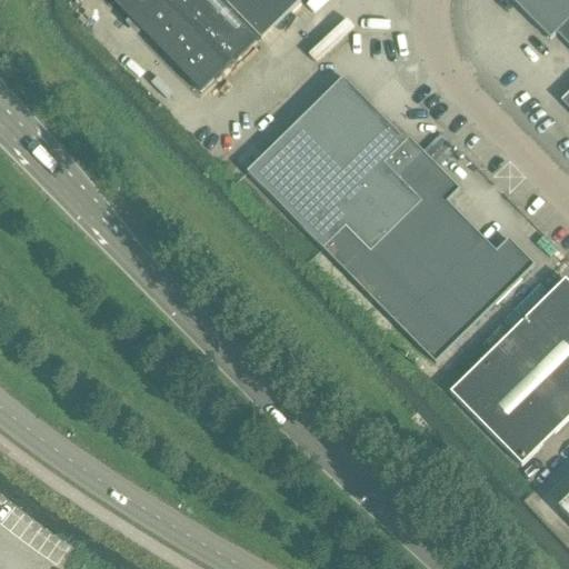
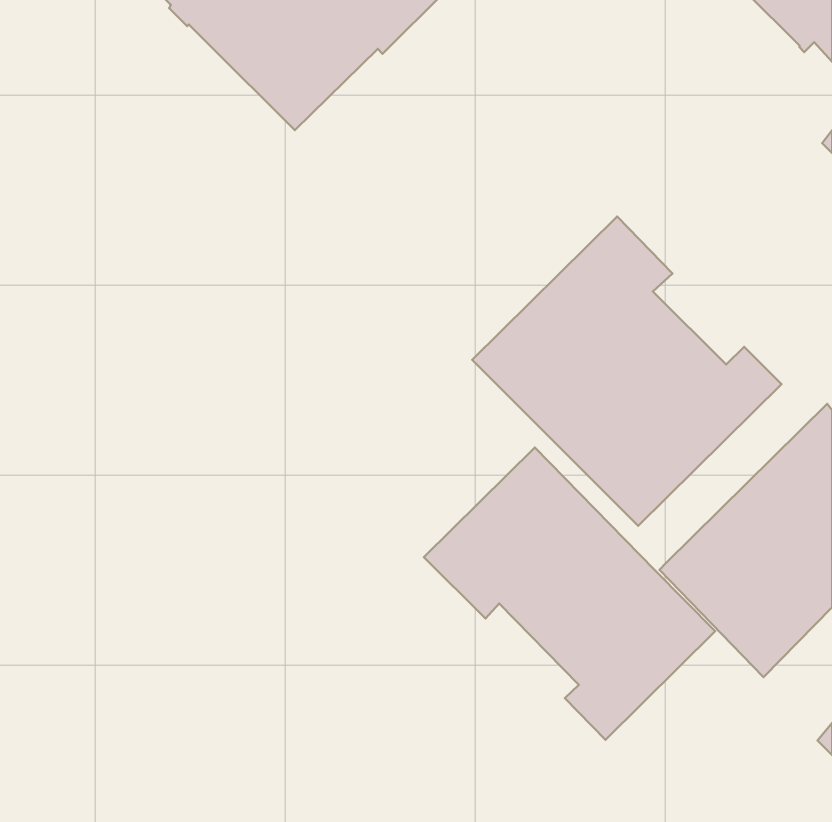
building: [247,74,421,246] -> none
building: none -> [424,447,715,740]

